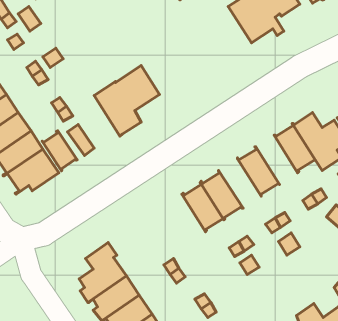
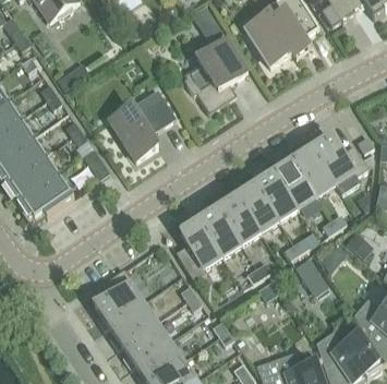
building: none -> [183,38,247,112]
building: [42,131,77,171] -> none
building: none -> [274,158,316,208]
building: none -> [235,182,279,232]
building: none -> [176,218,222,278]

